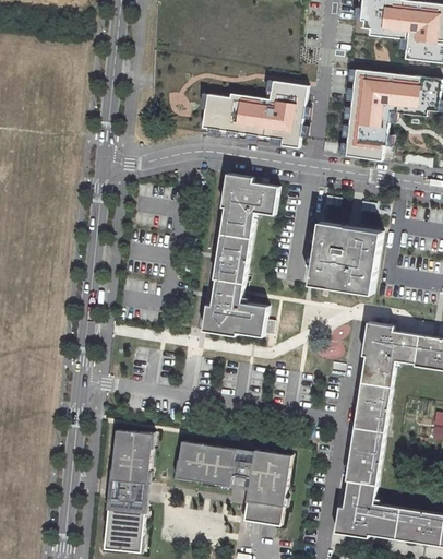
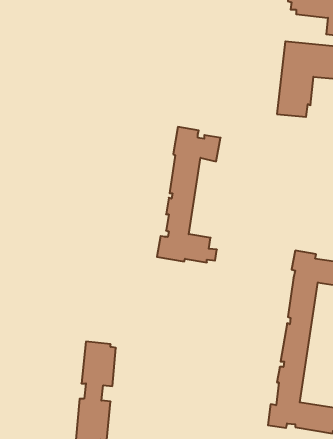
building: [202,81,307,148] -> none
building: [309,222,381,293] -> none
building: [178,441,290,525] -> none

